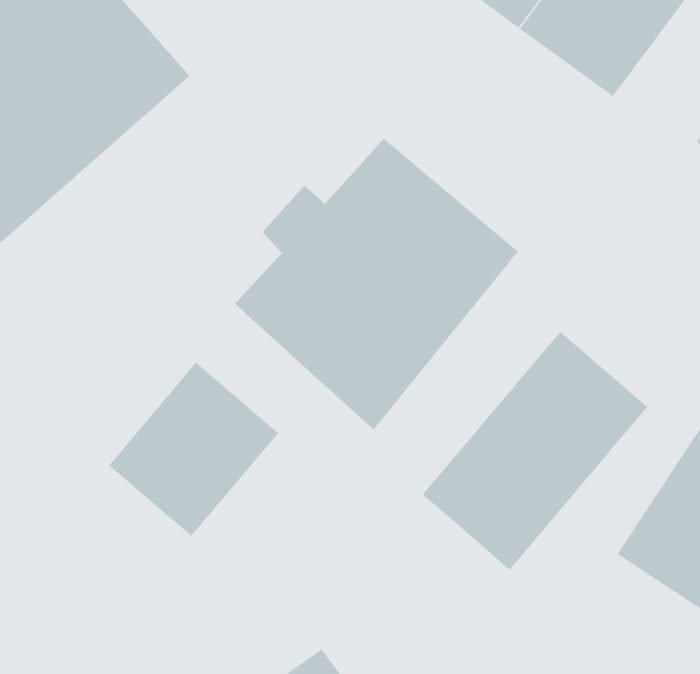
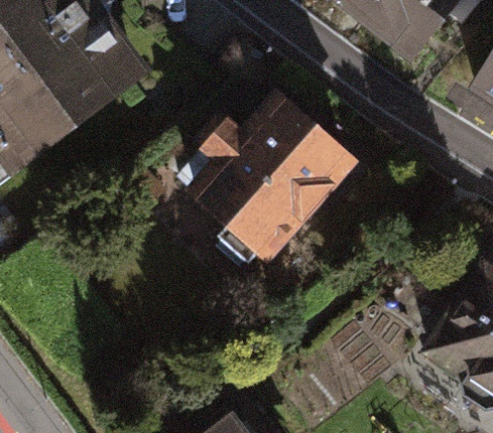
building: [422,331,648,571] -> none
building: [108,362,279,537] -> none

